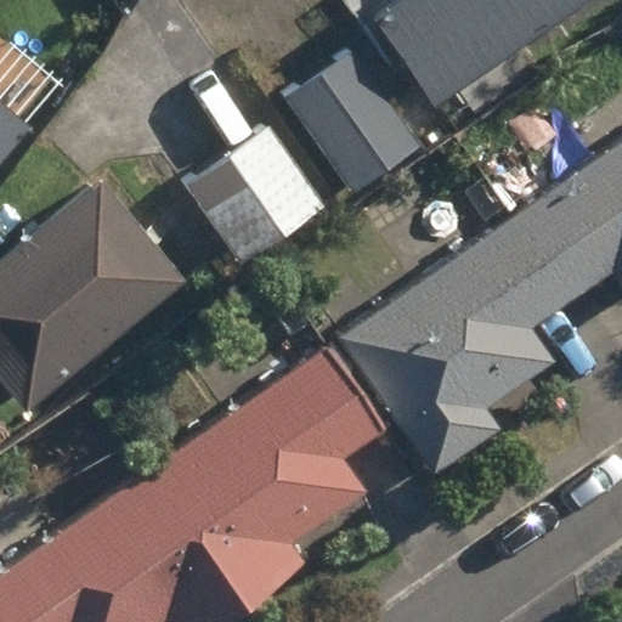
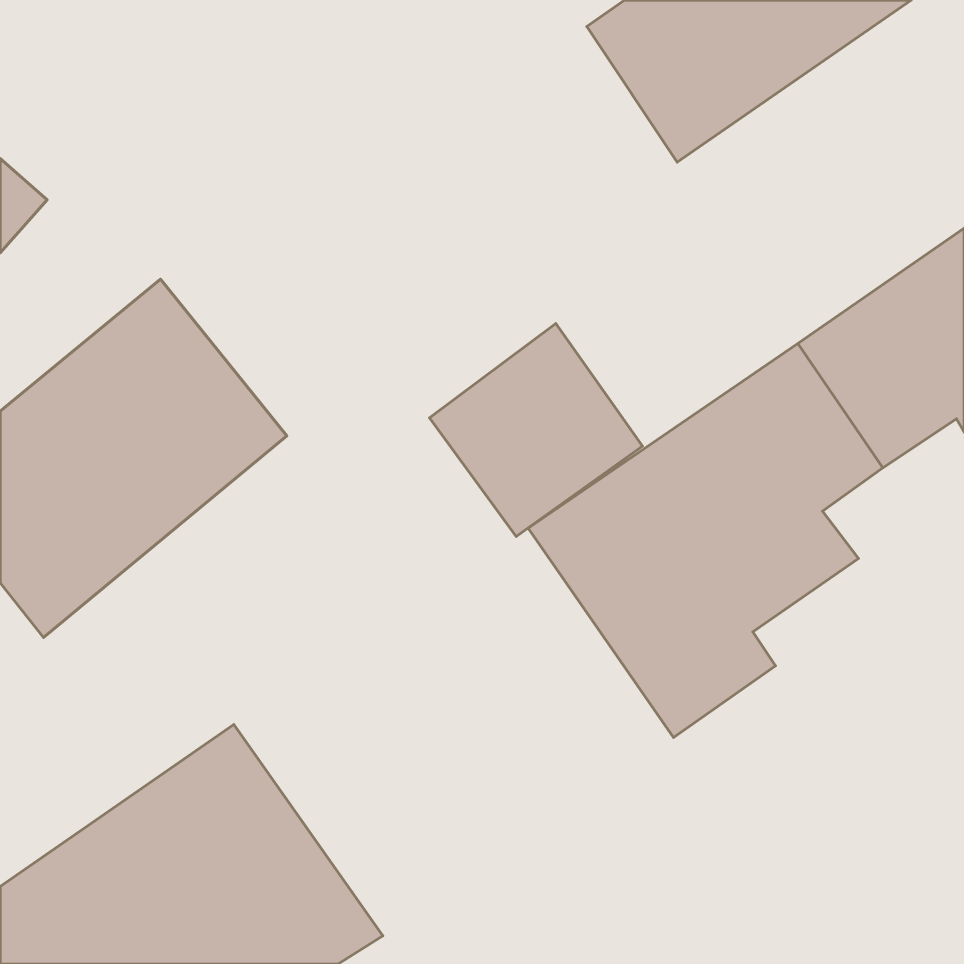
building: [288,52,420,193] -> none
building: [186,126,323,264] -> [429,323,643,537]
building: [151,344,386,603] -> none

